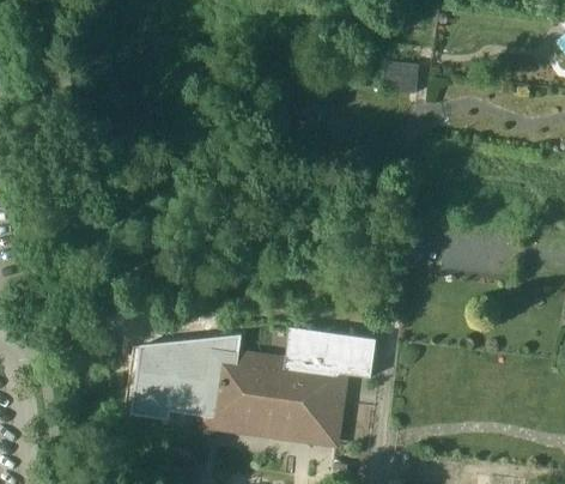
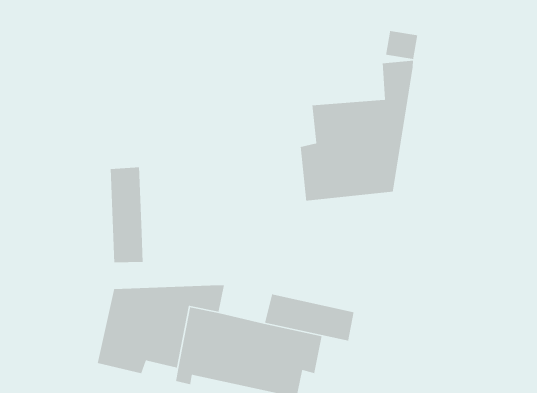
building: none -> [300,60,414,202]
building: none -> [110,167,143,263]

